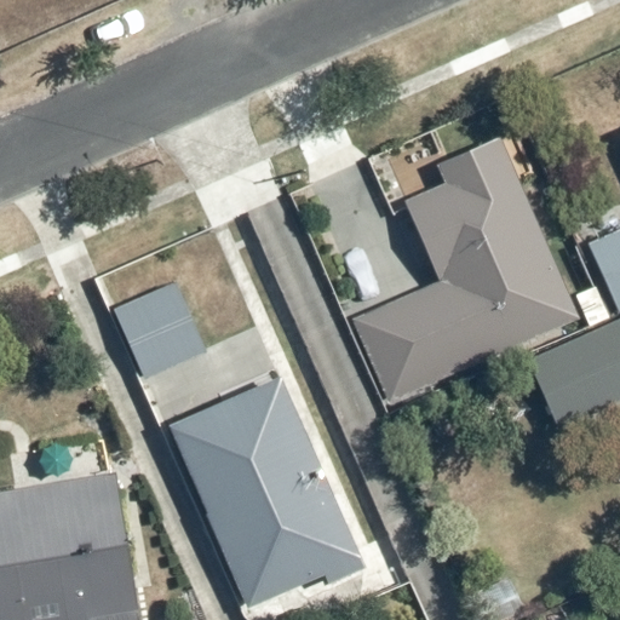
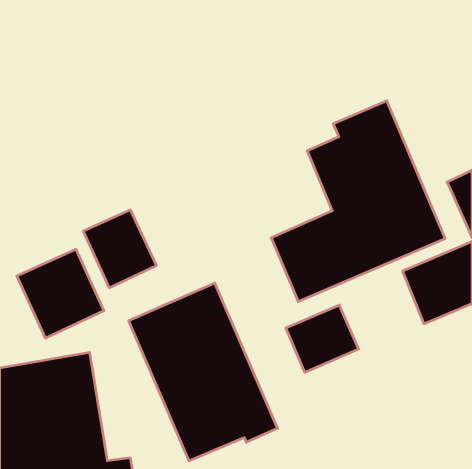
building: none -> [17,249,104,338]
building: none -> [286,305,359,372]

